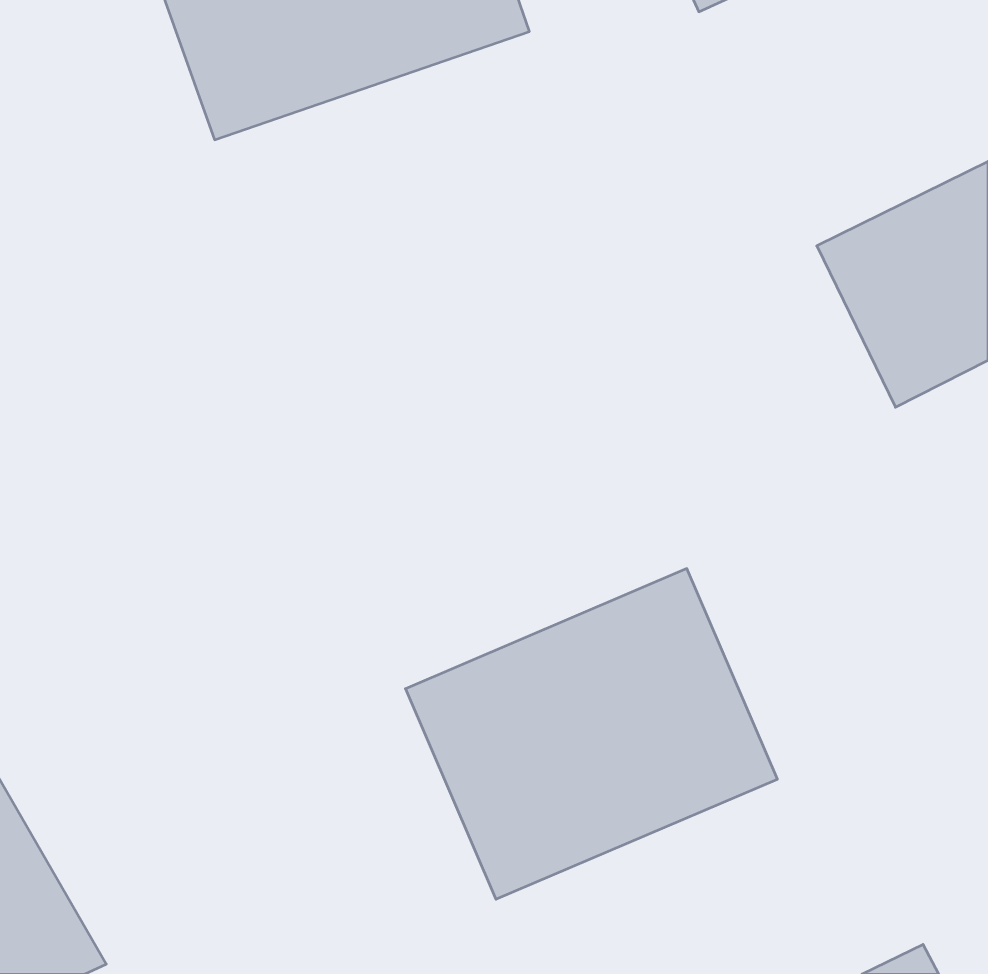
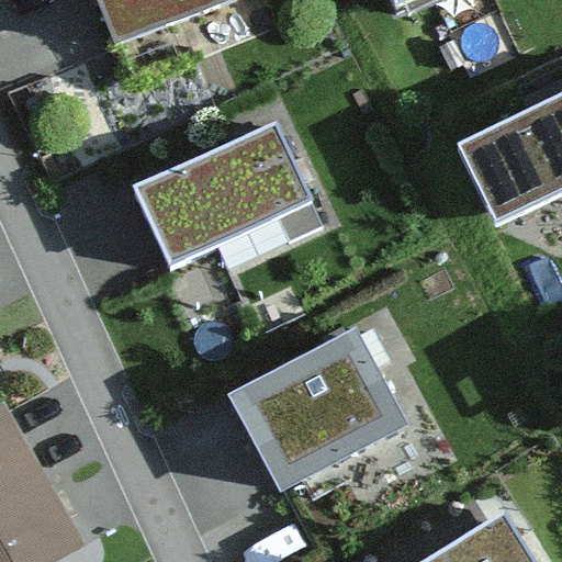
building: none -> [132,121,340,297]

